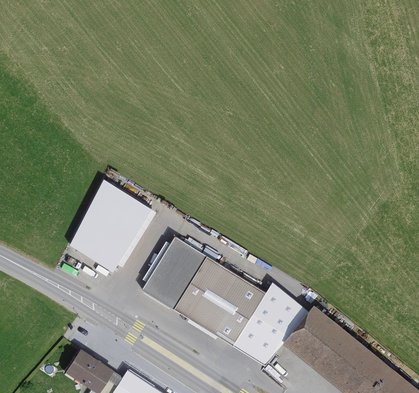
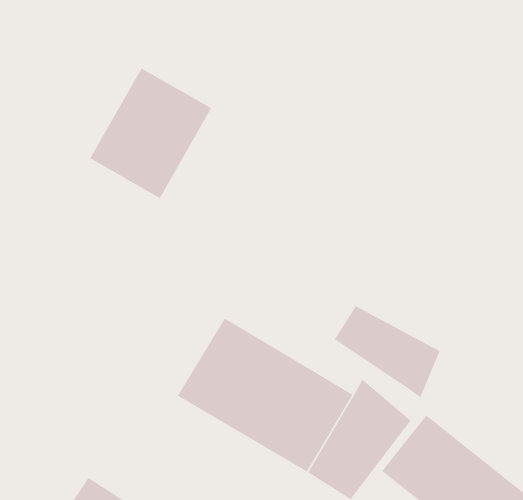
building: [66,182,151,273] -> [89,67,212,199]
building: none -> [334,305,441,398]

